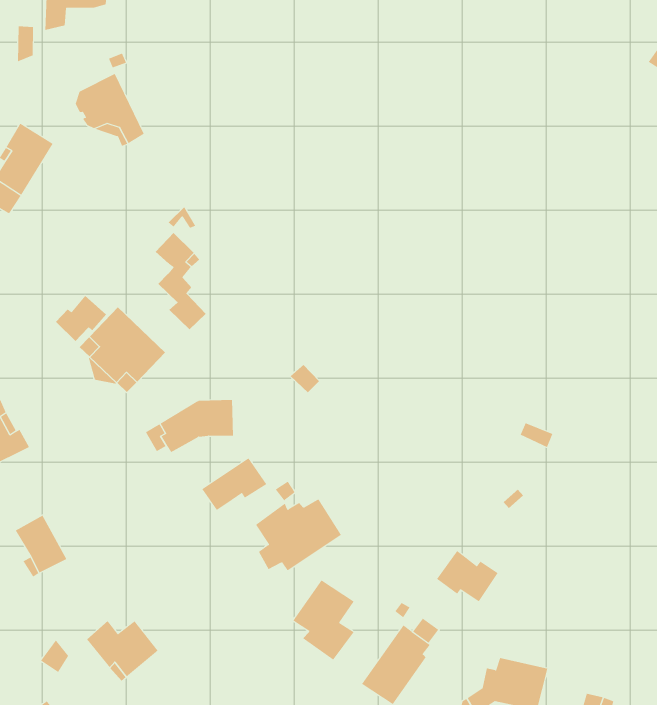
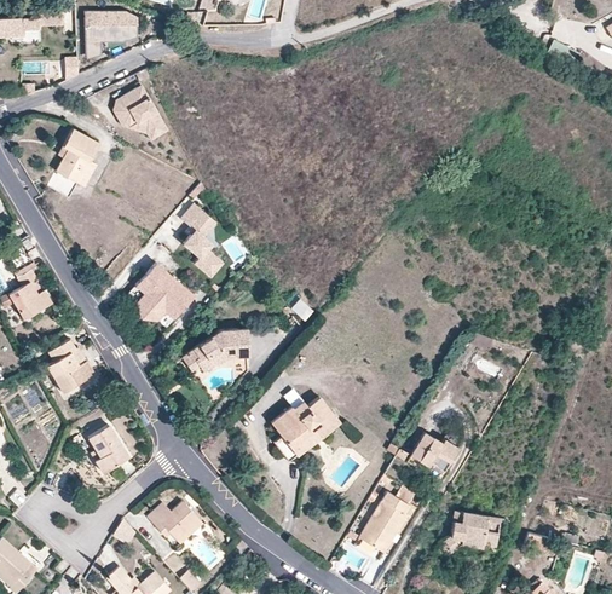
building: [55,295,107,342] -> none
building: [202,458,267,511] -> none
building: [292,580,354,660] -> none

